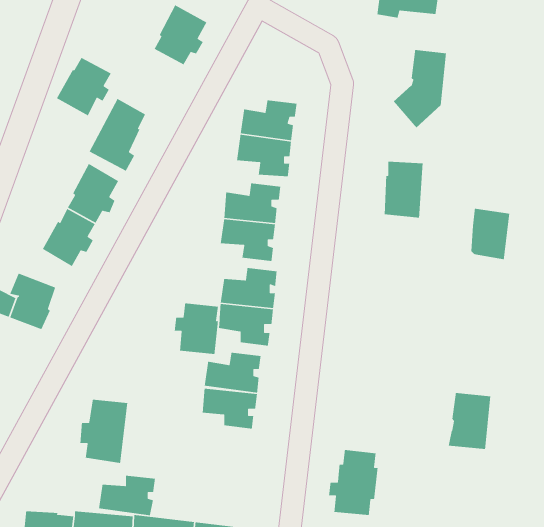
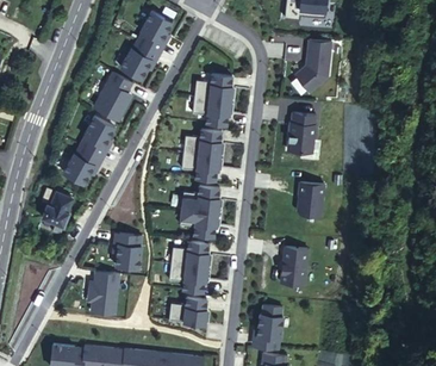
building: [56,57,112,116] -> [120,41,157,80]
building: [470,208,510,260] -> [298,182,324,217]
building: [174,303,219,355] -> [112,234,142,268]
building: [448,392,491,450] -> [279,246,307,284]
building: [98,475,156,516] -> [164,297,203,324]

